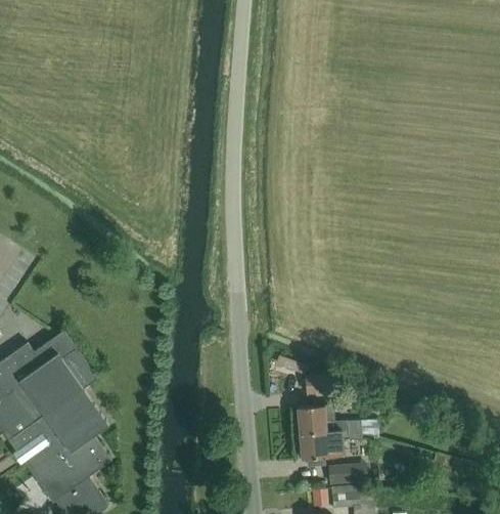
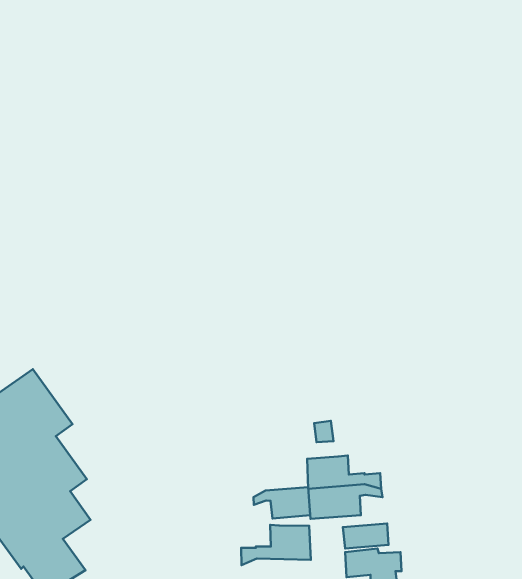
building: none -> [254,487,310,519]
building: none -> [241,525,311,565]

